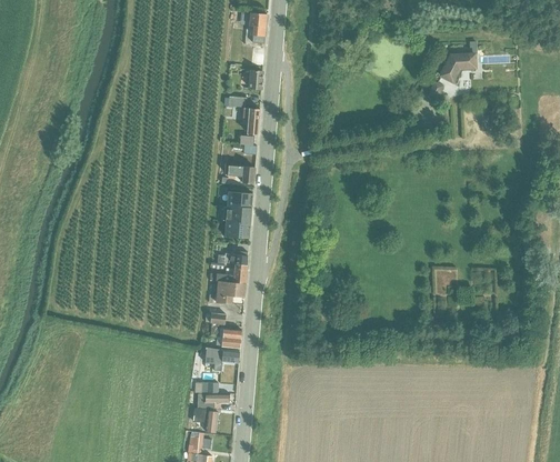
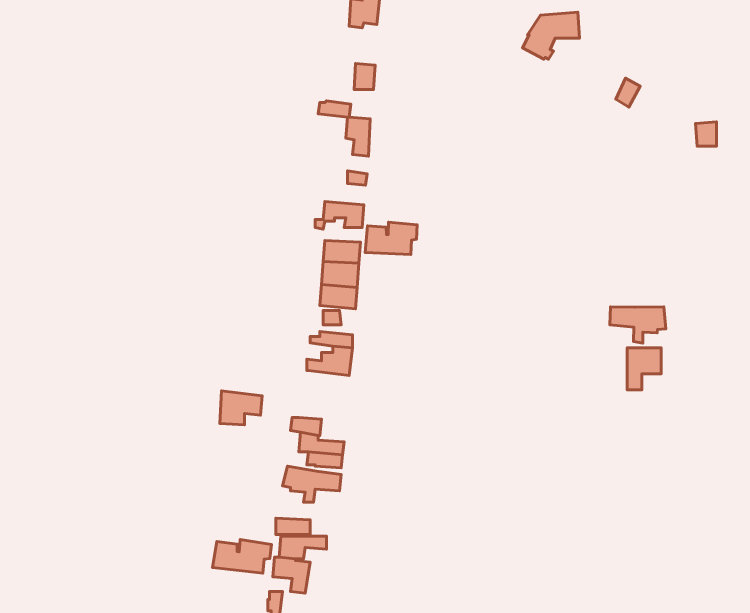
building: [438,51,477,83] -> [523,12,579,59]
building: none -> [365,222,417,255]
building: none -> [610,307,666,343]
building: [216,280,244,303] -> [220,391,262,425]
building: none -> [213,539,271,573]

